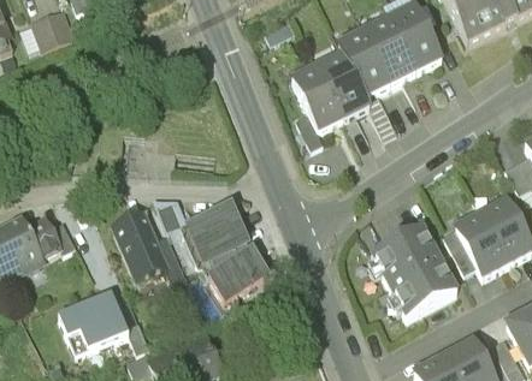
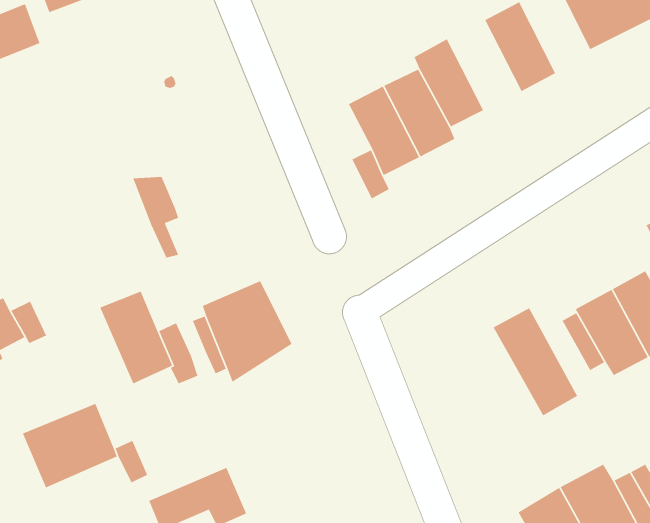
building: [363,18,416,83] -> none
building: [156,200,190,258] -> [132,176,179,259]
building: [371,238,432,316] -> none
building: [209,250,266,299] -> none

